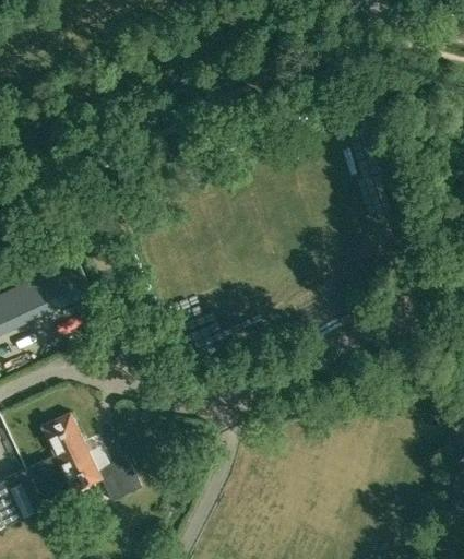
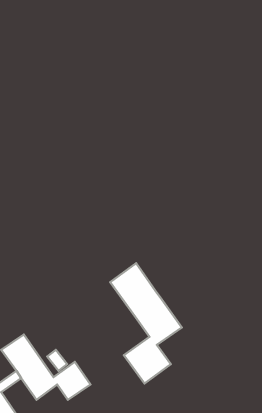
building: none -> [110,263,182,384]

